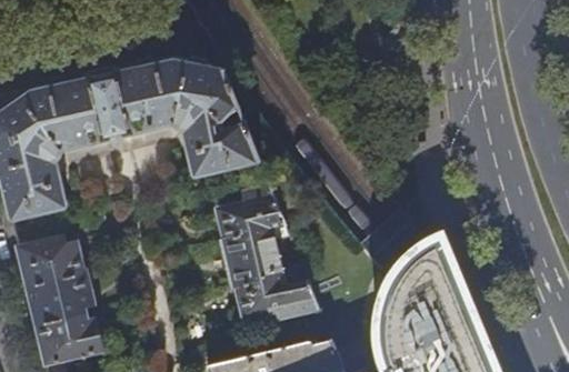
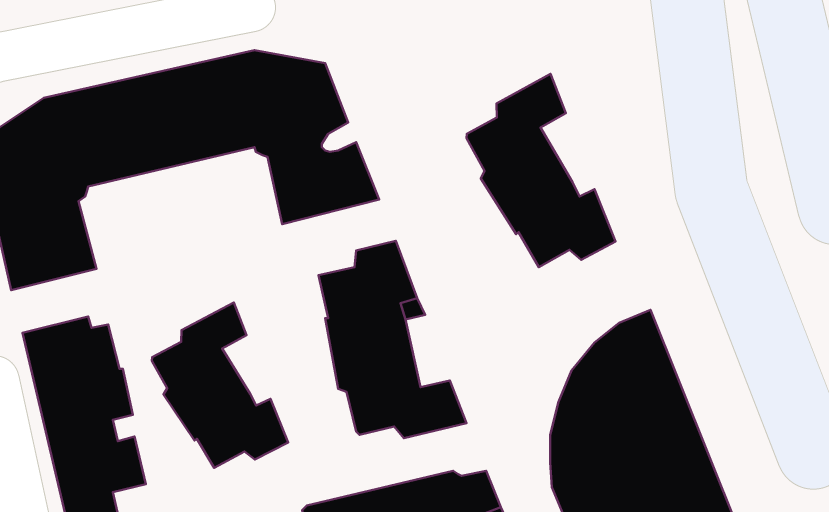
building: none -> [467,74,616,267]
building: none -> [152,302,288,468]

